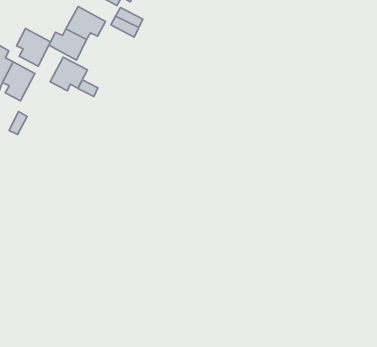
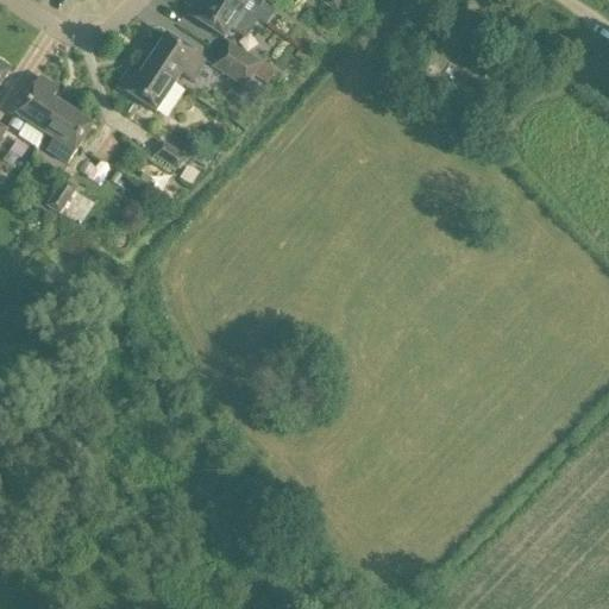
building: [16,28,51,66] -> none
building: [50,57,88,91] -> none

